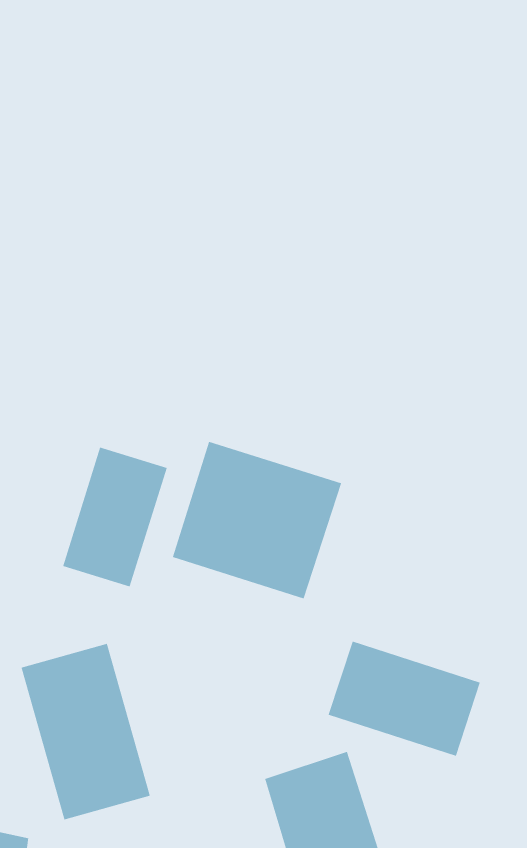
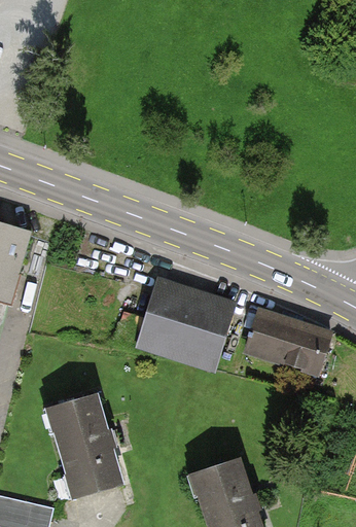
building: [62,447,168,587] -> none
building: [328,640,481,757] -> [242,306,332,375]

